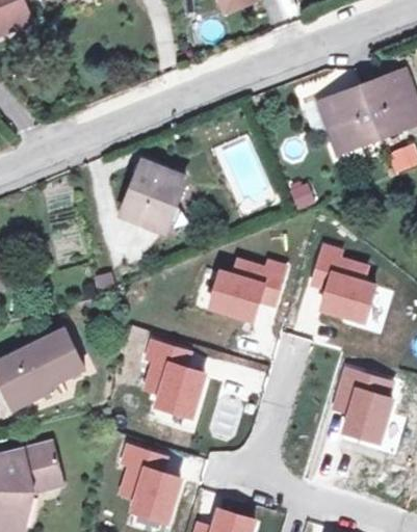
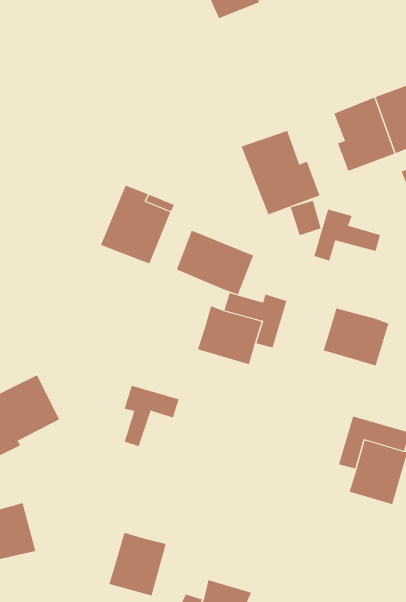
building: none -> [241,130,320,215]
building: none -> [176,230,254,295]
building: [309,243,368,289] -> [313,209,381,261]
building: [152,362,204,419] -> none
building: [116,442,168,500] -> none

